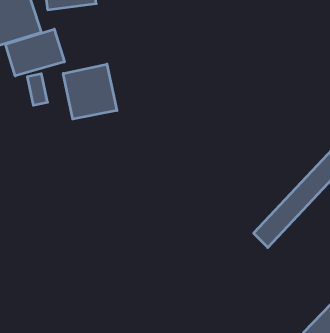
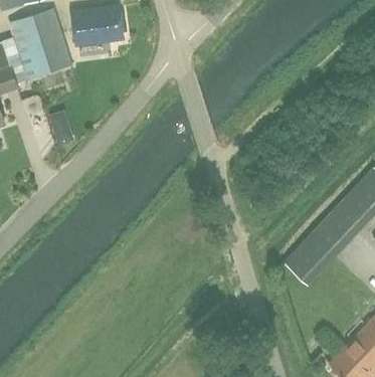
building: [6,29,64,76] -> none
building: [63,64,117,119] -> none

